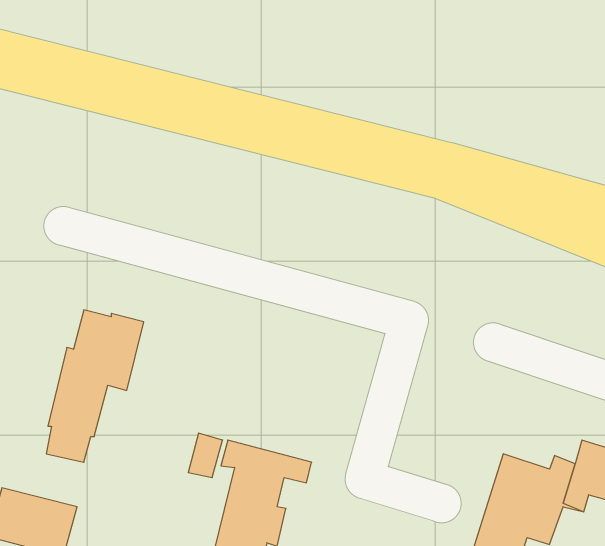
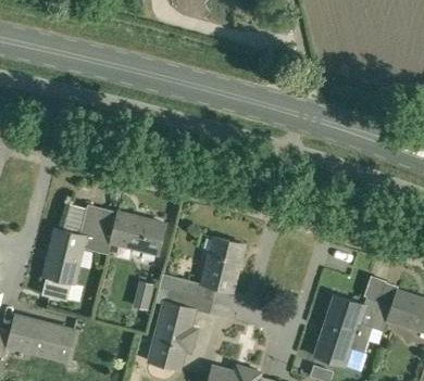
building: none -> [95,211,165,257]
building: none -> [159,237,245,300]

